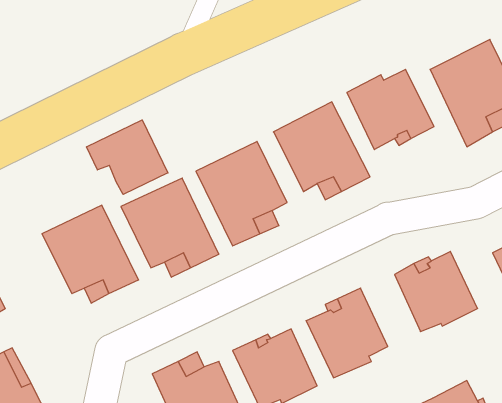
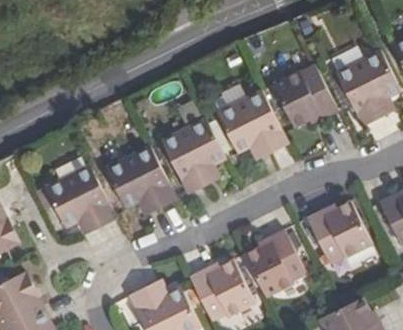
building: [87,120,168,194] -> none

